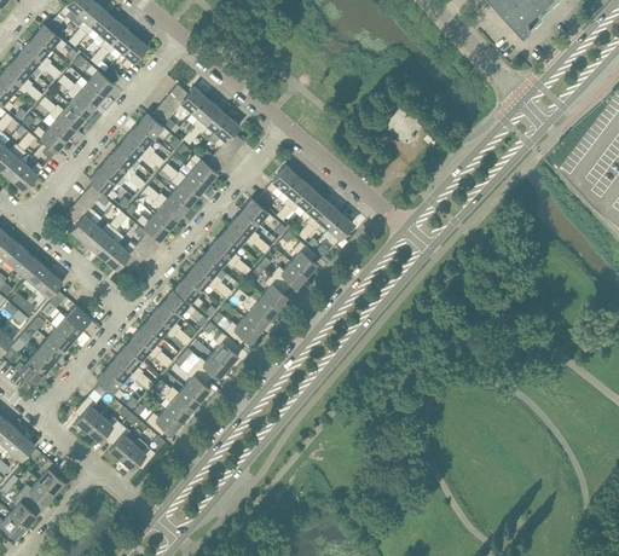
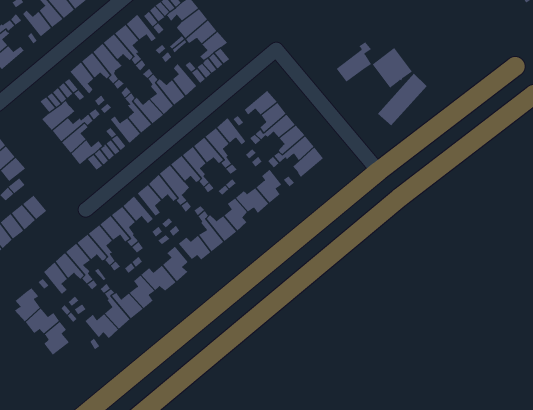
building: none -> [336,42,372,82]
building: [120,438,155,469] -> none

